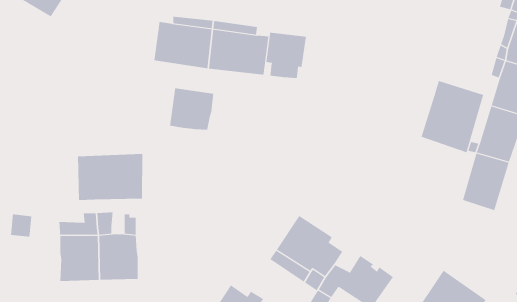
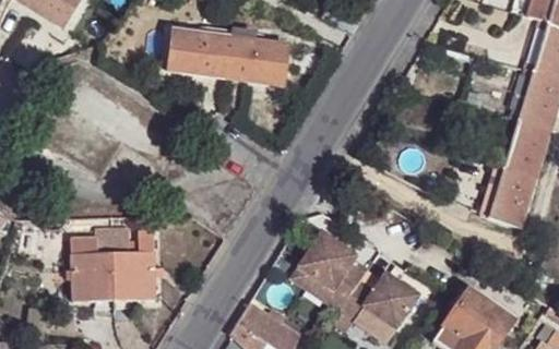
building: [266,32,306,79] -> none
building: [421,80,484,153] -> none
building: [169,88,214,131] -> none
building: [77,153,143,201] -> none

